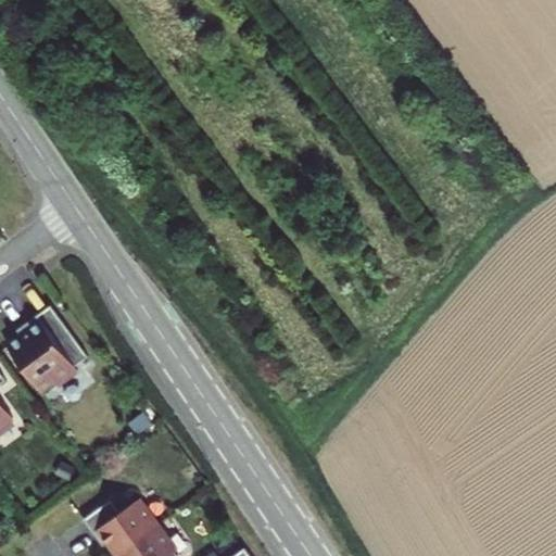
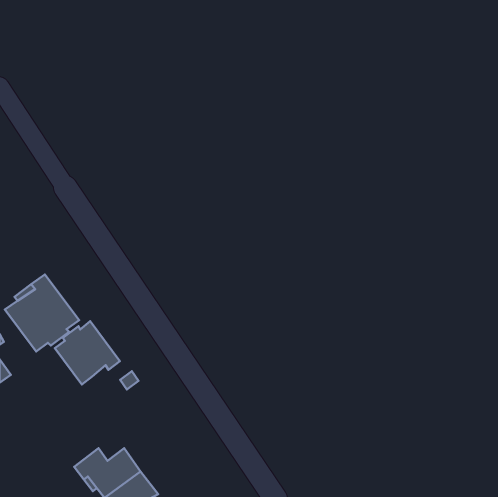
building: none -> [55,321,120,385]

